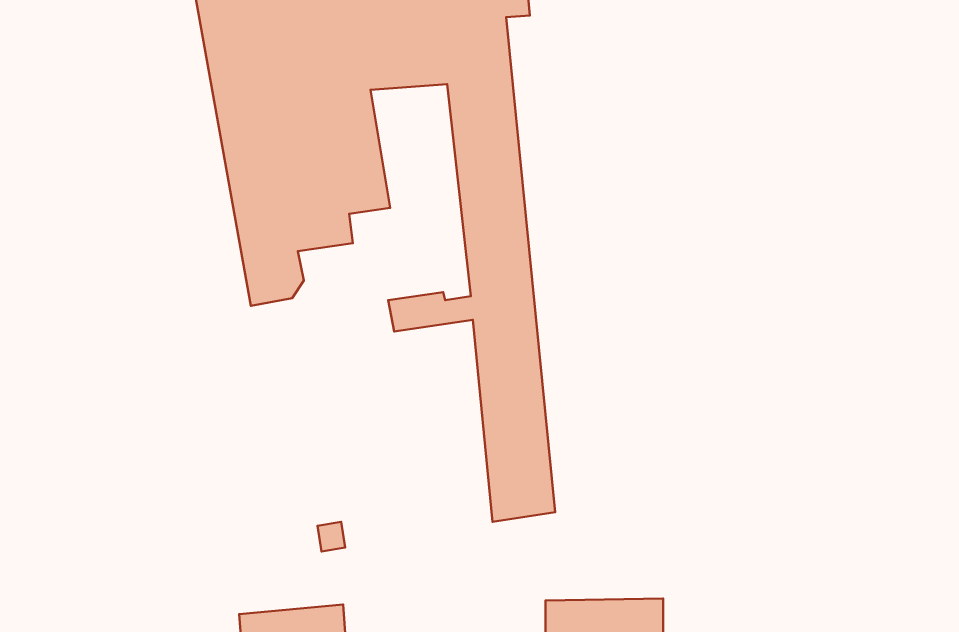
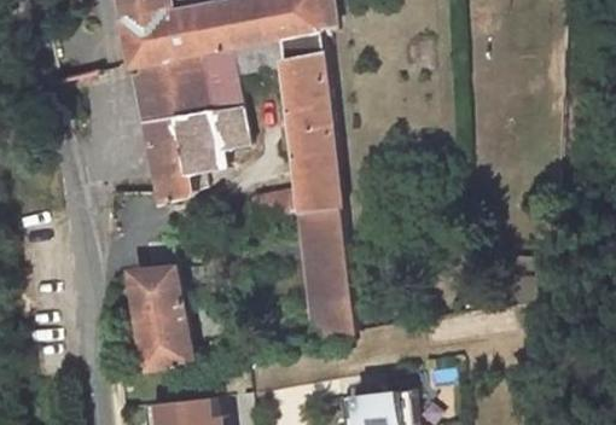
building: none -> [127,263,187,366]

